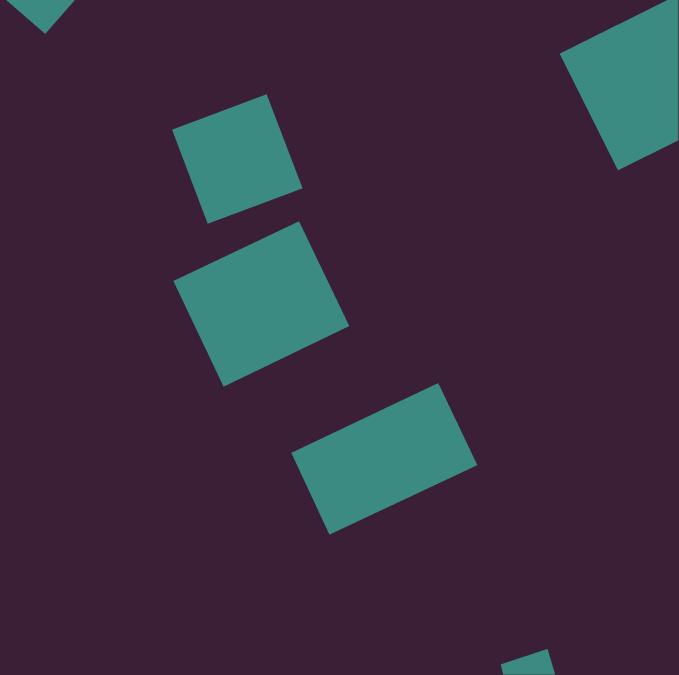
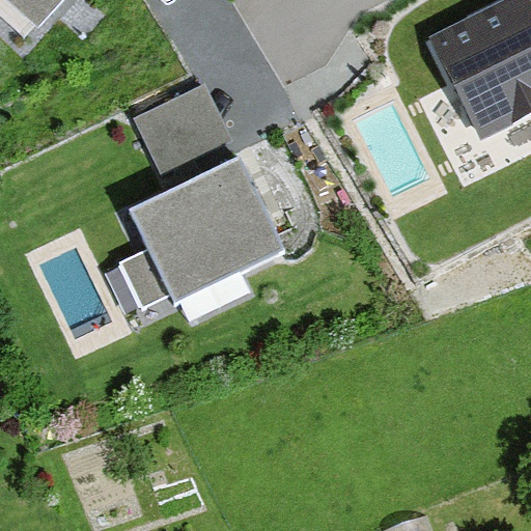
building: [291,382,478,535] -> none

